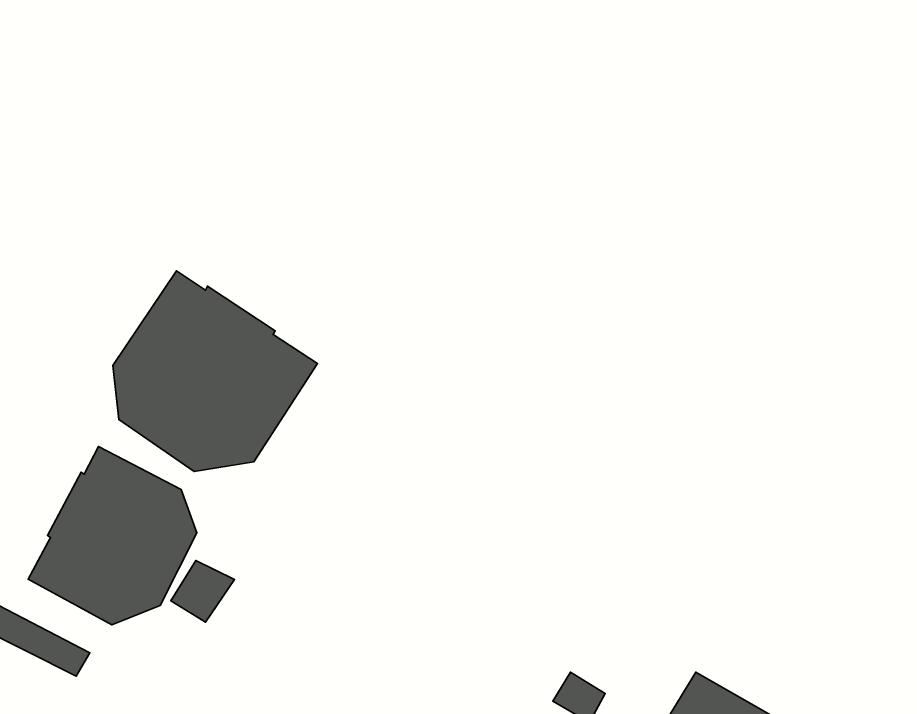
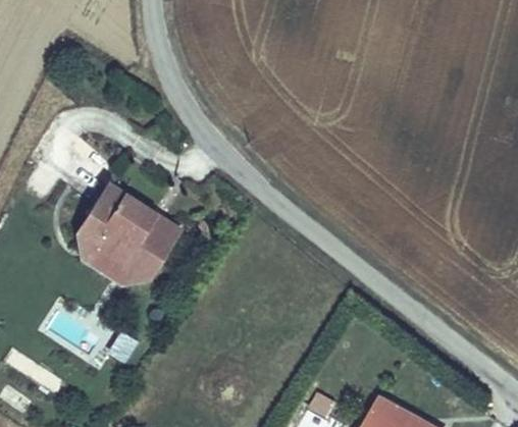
building: [28,447,197,625] -> none

